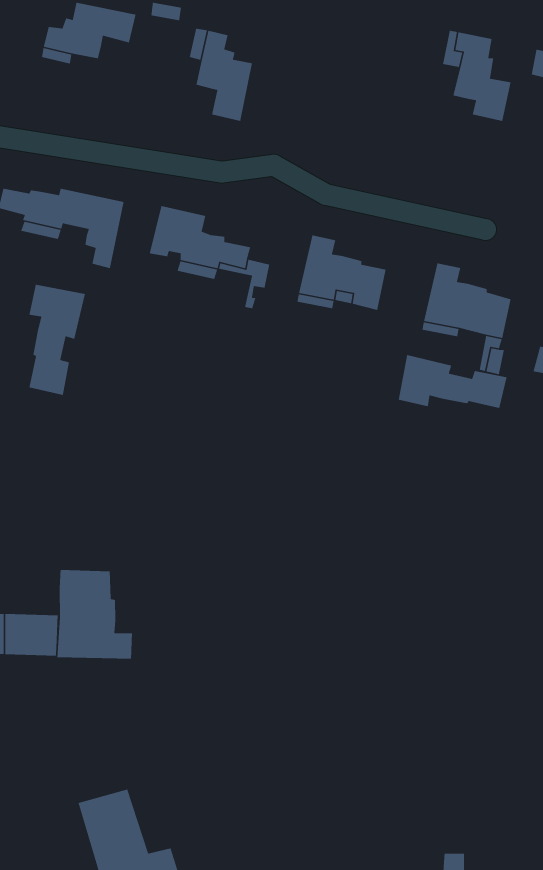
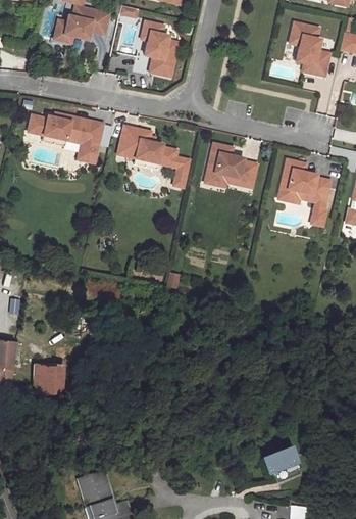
building: [28,284,86,396] -> none
building: [398,354,507,409] -> none
building: [57,569,133,660] -> none
building: none -> [261,445,296,474]

